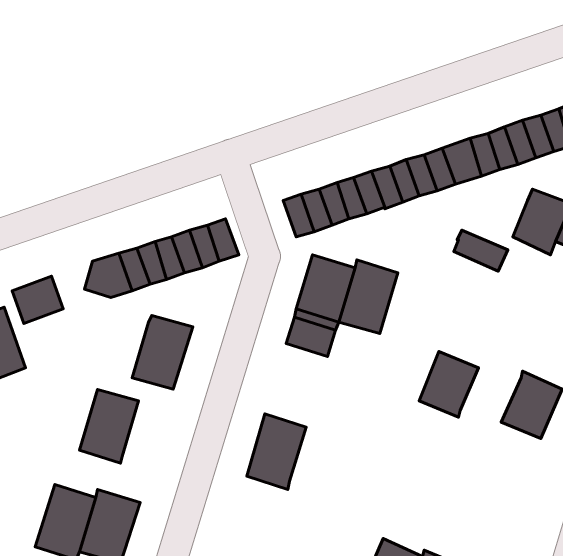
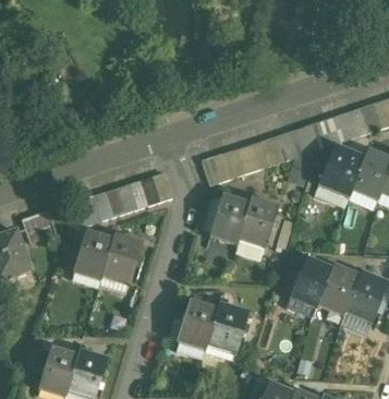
building: none -> [320,146,364,192]
building: none -> [319,267,360,311]
building: [79,389,138,463] -> [73,232,112,281]
building: none -> [206,304,247,354]

